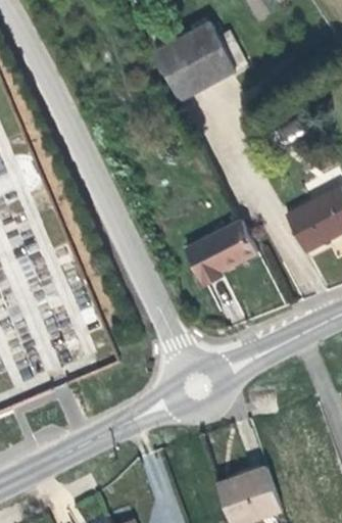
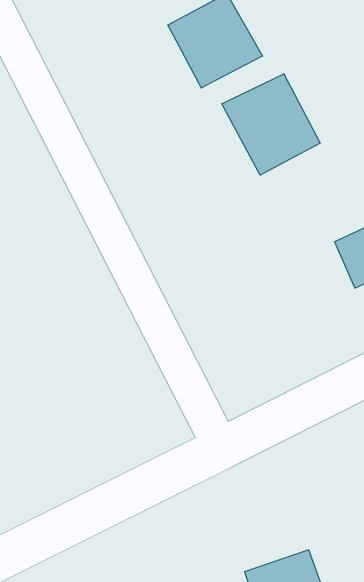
building: none -> [222,74,320,175]
building: [183,218,255,290] -> none

